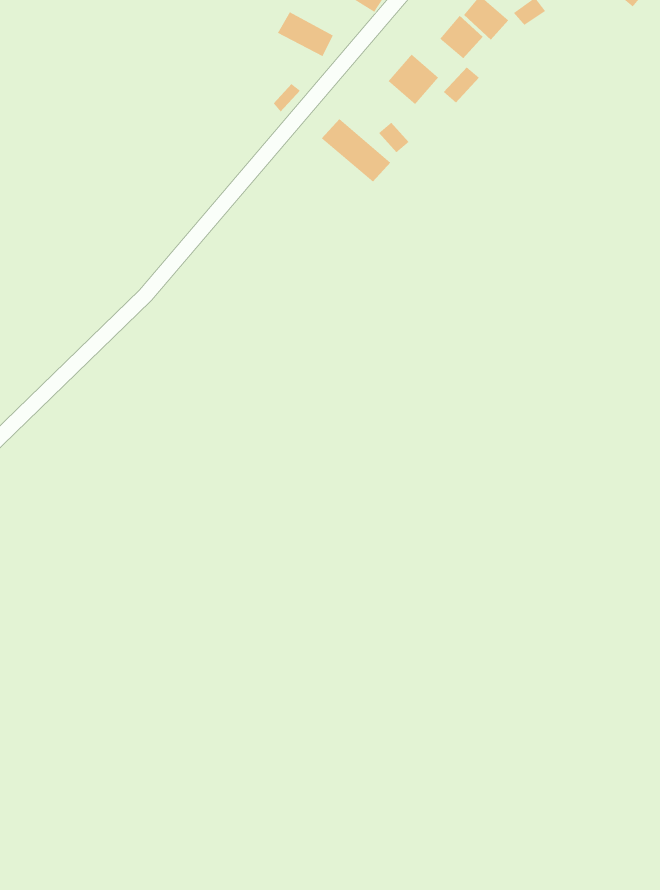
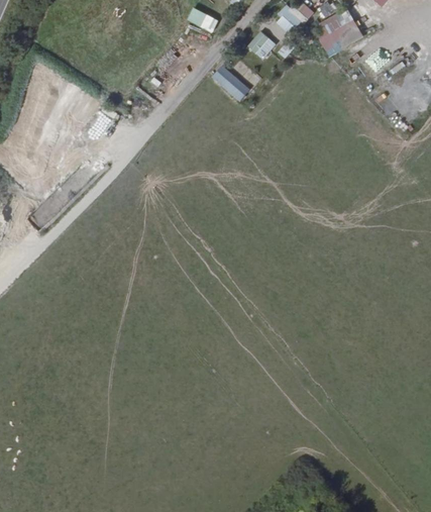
building: none -> [319,7,363,56]

